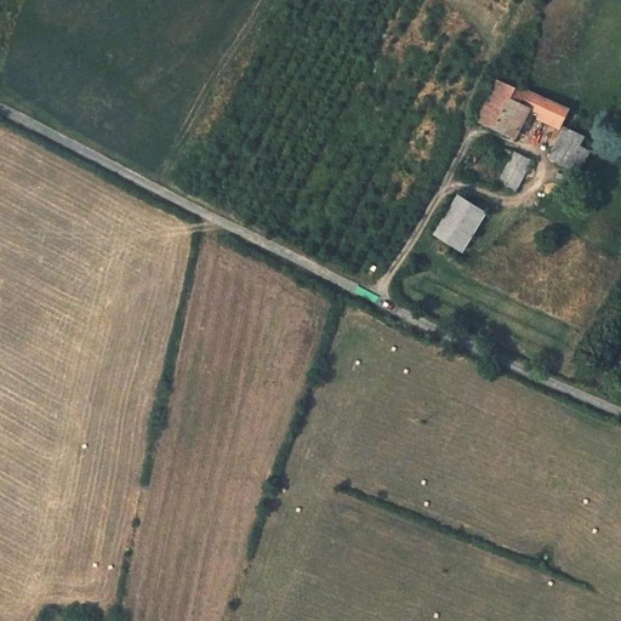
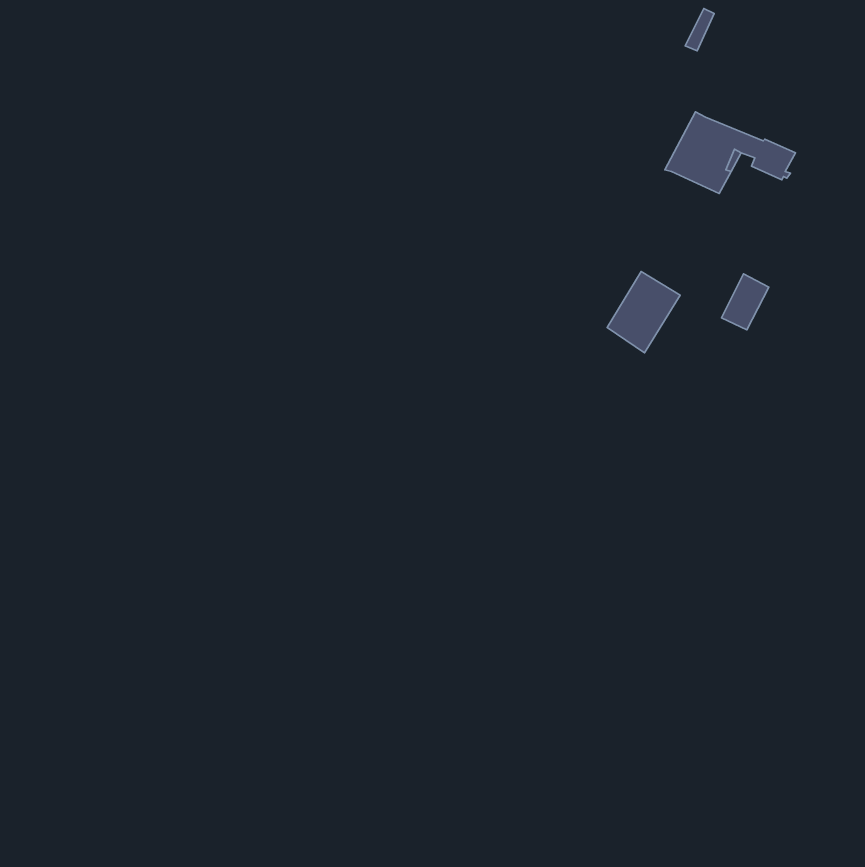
building: [548,126,589,172] -> none
building: [497,152,531,192] -> [722,274,769,330]

